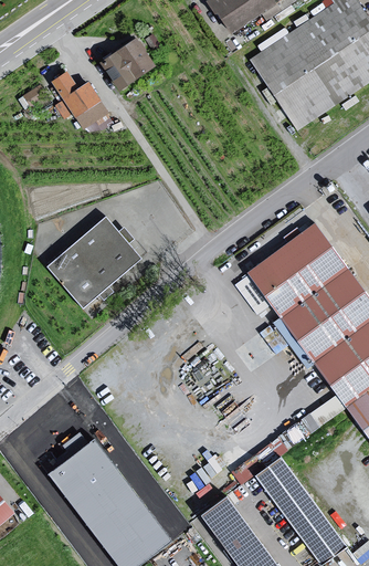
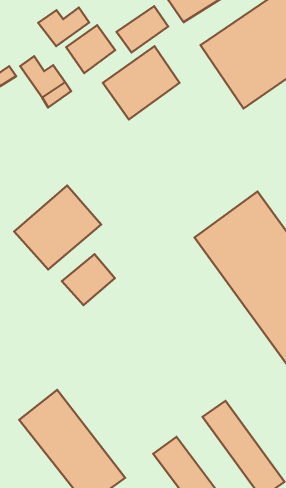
building: none -> [116,6,168,53]
building: none -> [38,8,89,46]
building: none -> [103,46,180,120]
building: none -> [62,254,115,305]

